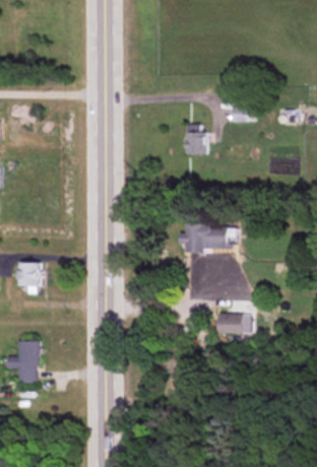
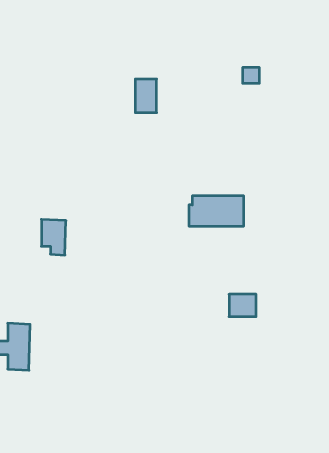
building: [186,123,205,153] -> [135,79,157,113]
building: [19,261,42,293] -> [41,219,66,255]

